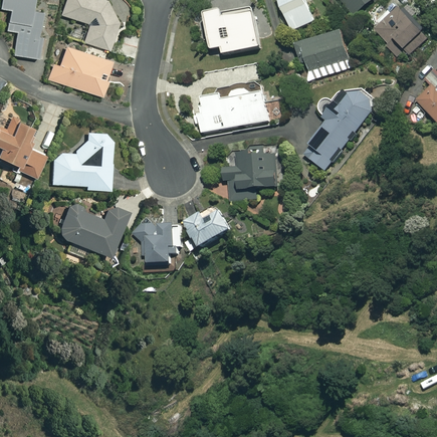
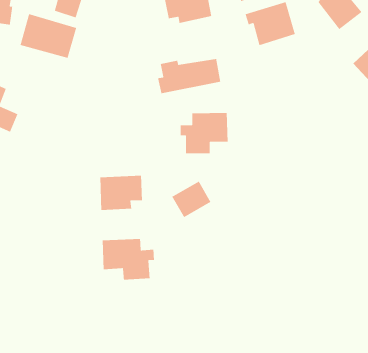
building: [302,88,376,170] -> none
building: [50,131,111,188] -> none
building: [53,202,124,254] -> none
building: [185,205,230,247] -> [171,180,212,218]
building: none -> [102,238,155,281]

